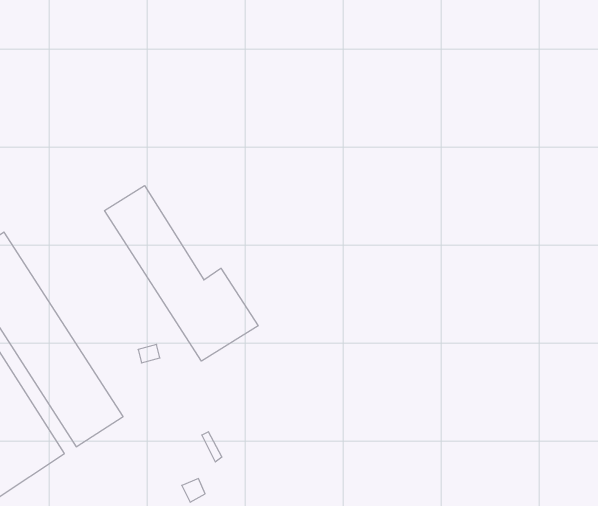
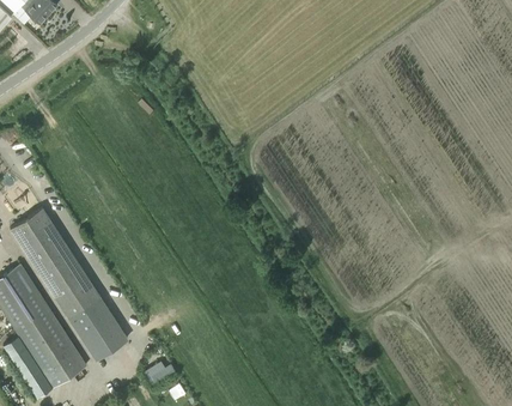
building: [105,186,258,361] -> none

